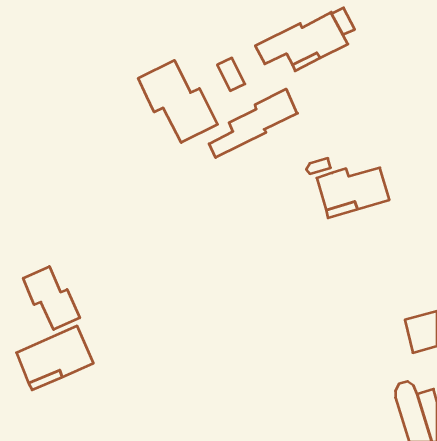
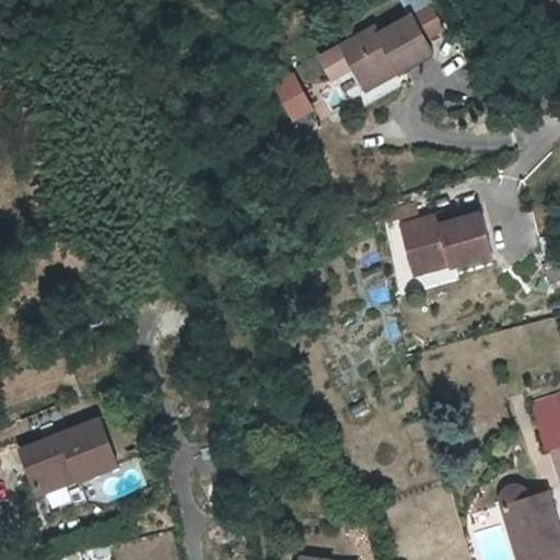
building: [138,60,218,143] -> none
building: [209,89,298,158] -> none
building: [23,266,80,330] -> none

